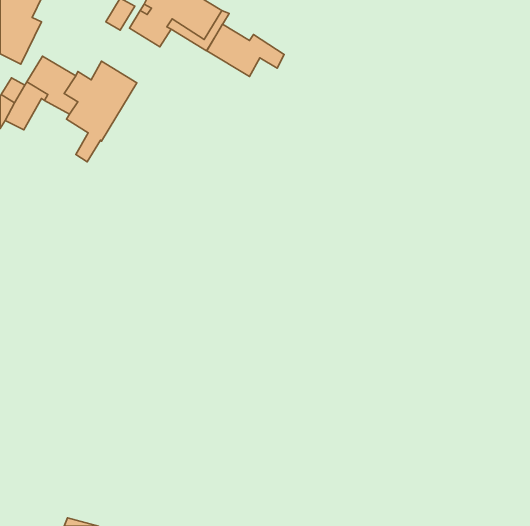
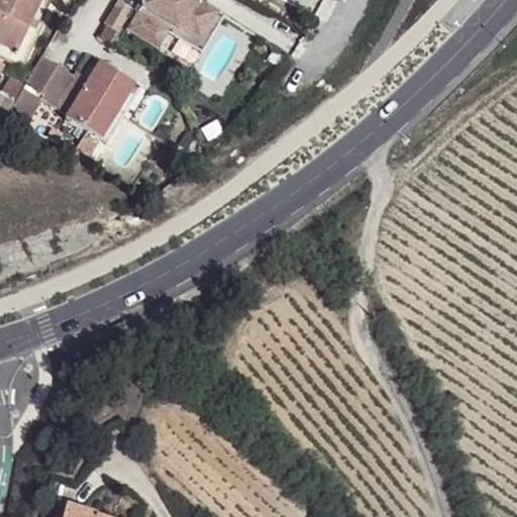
building: [207,24,284,77] -> none

